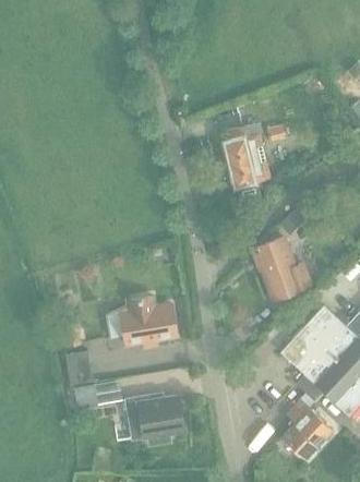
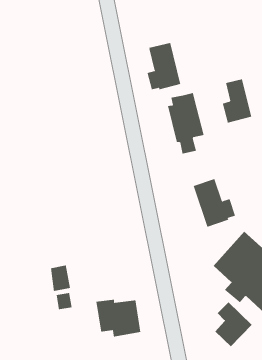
building: none -> [147,42,181,90]
building: none -> [222,78,252,123]
building: [109,296,179,346] -> none

